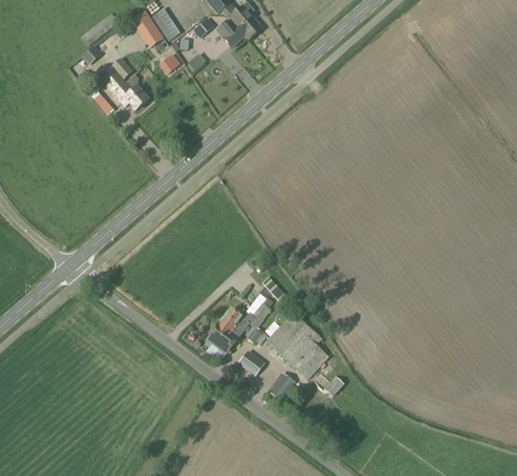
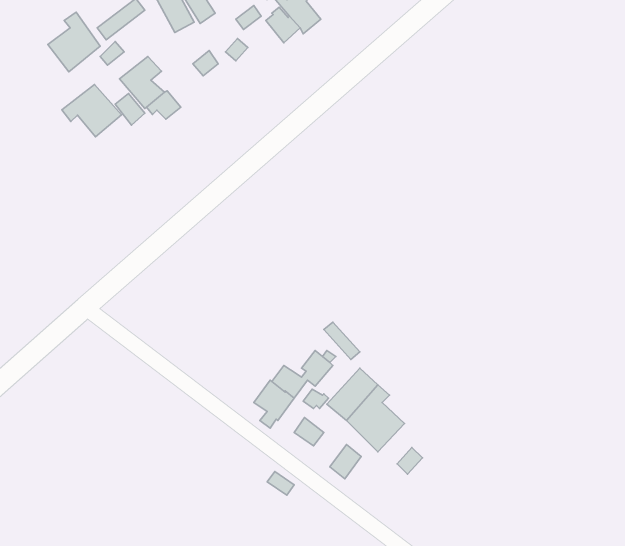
building: none -> [48,12,100,72]
building: none -> [62,85,121,137]

